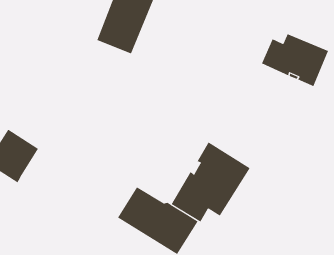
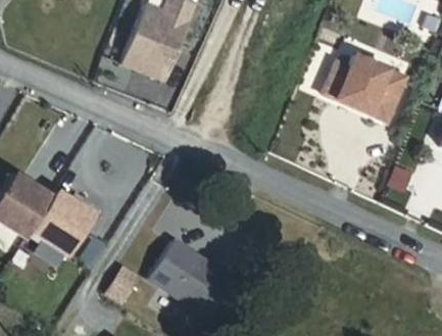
building: [171,142,250,222] -> none
building: none -> [30,188,94,253]

